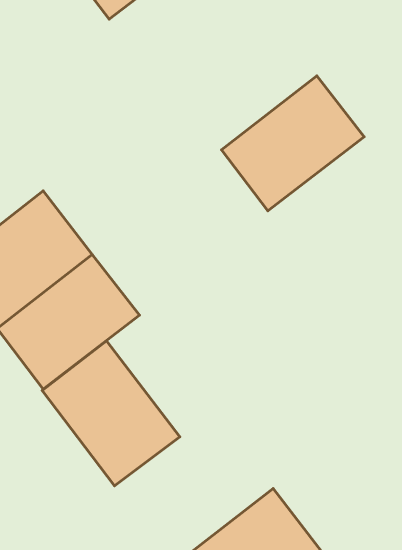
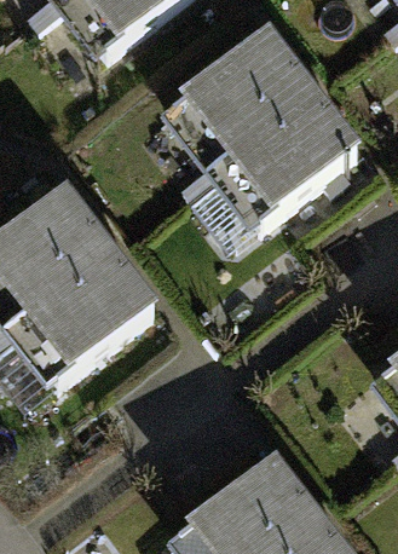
building: none -> [183,47,315,172]
building: [42,341,180,486] -> none

